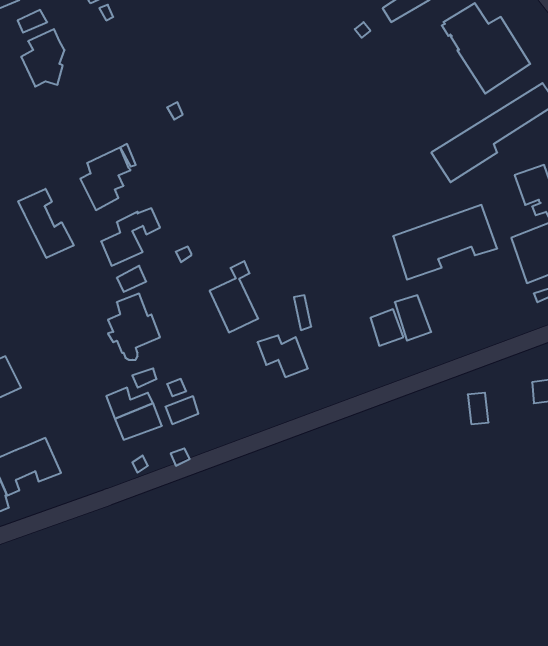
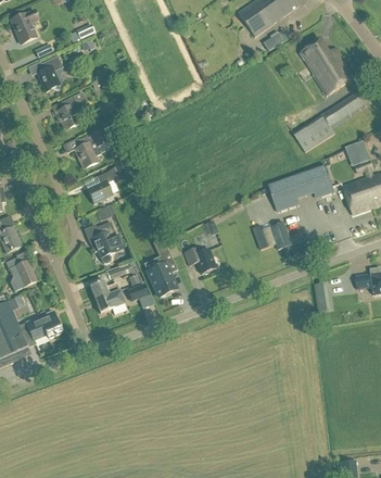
building: none -> [54,91,87,129]
building: [18,189,74,258] -> none
building: [210,261,258,332] -> [145,252,176,297]

